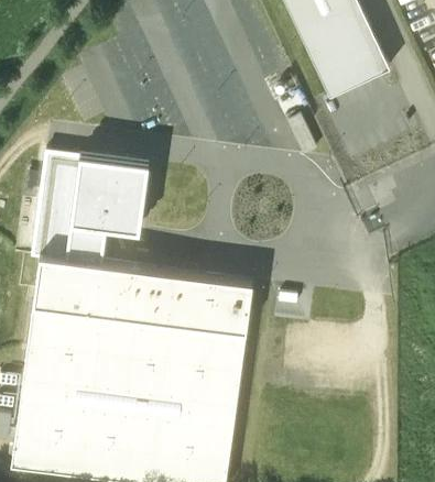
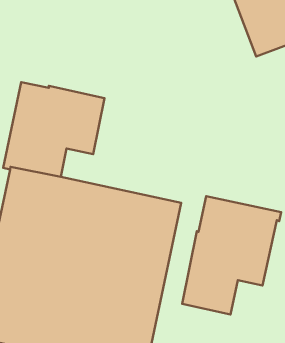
building: none -> [182,196,281,315]

